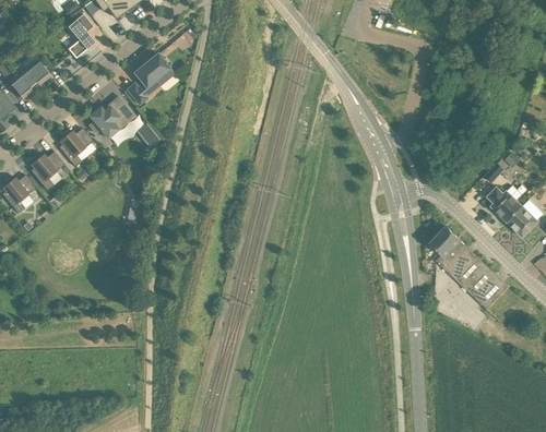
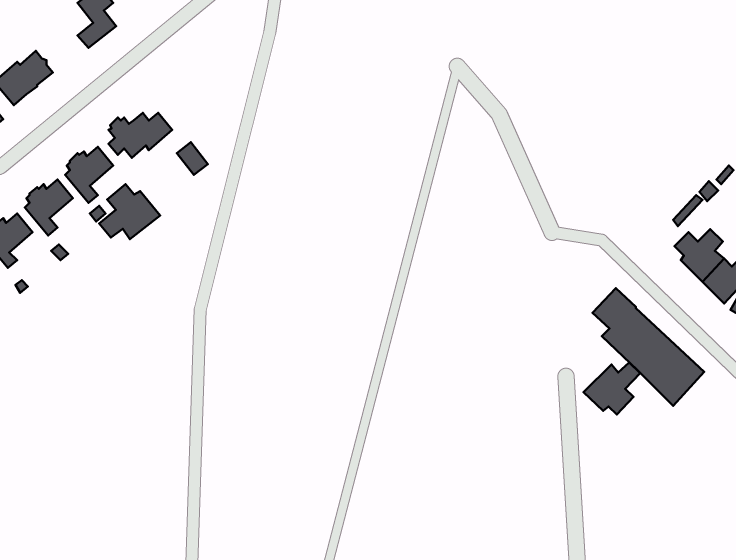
building: [126,52,169,104] -> none
building: none -> [99,184,160,239]
building: none -> [584,363,640,414]

